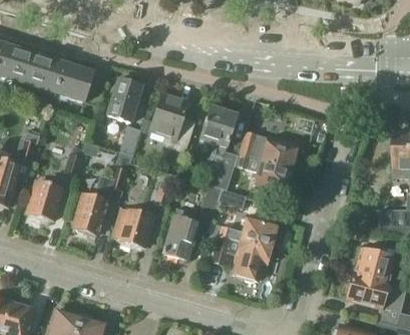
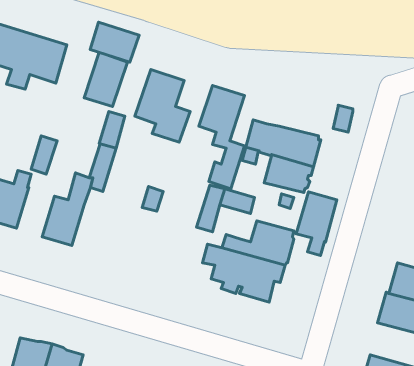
building: none -> [90,22,139,62]
building: none -> [296,192,337,256]
building: [164,207,198,260] -> none
building: [114,209,154,248] -> none

